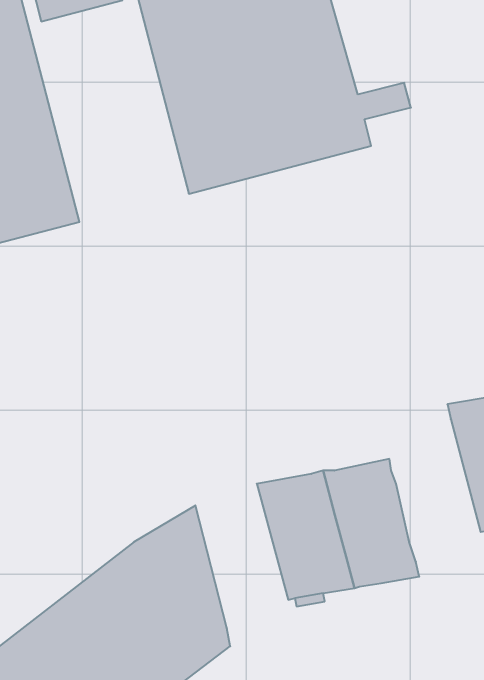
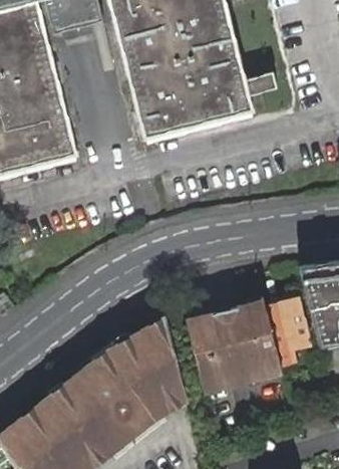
building: none -> [266,297,309,362]
building: none -> [147,316,187,402]

